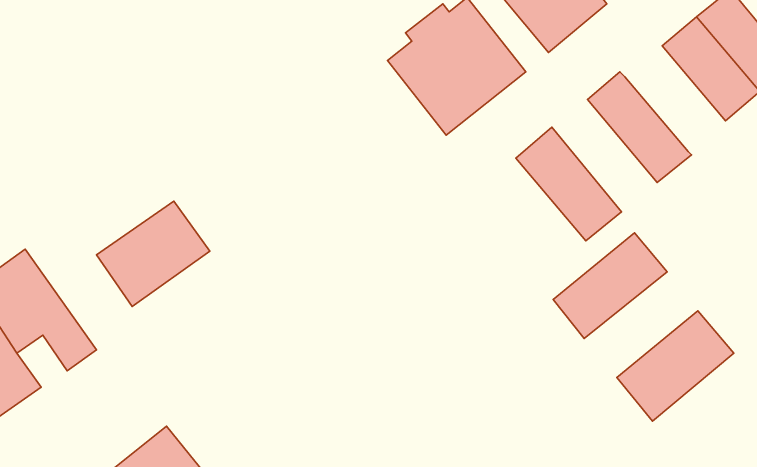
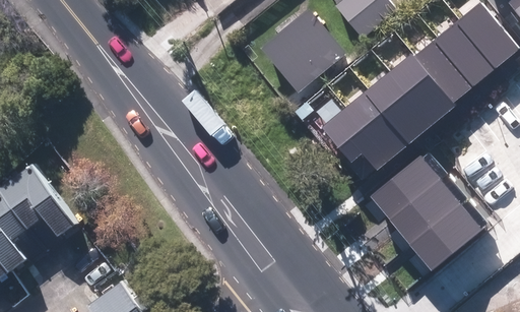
building: none -> [412,38,475,104]
building: none -> [367,71,433,141]
building: none -> [320,108,388,178]
building: [97,201,210,306] -> none
building: none -> [387,179,458,245]

